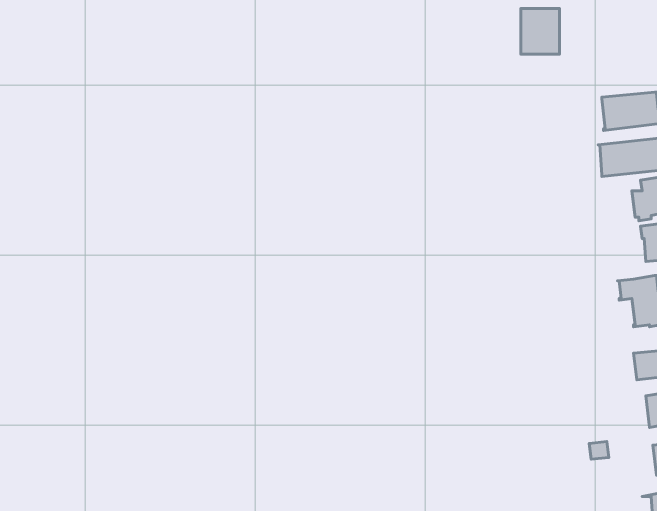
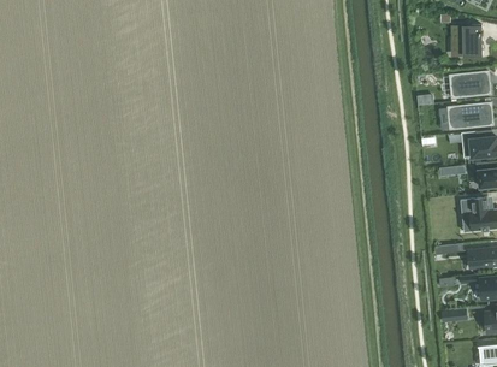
building: [521,8,560,54] -> [456,24,483,55]

